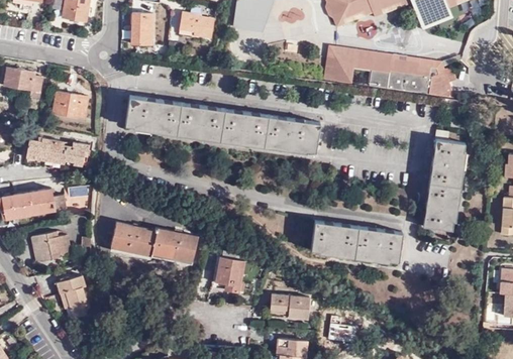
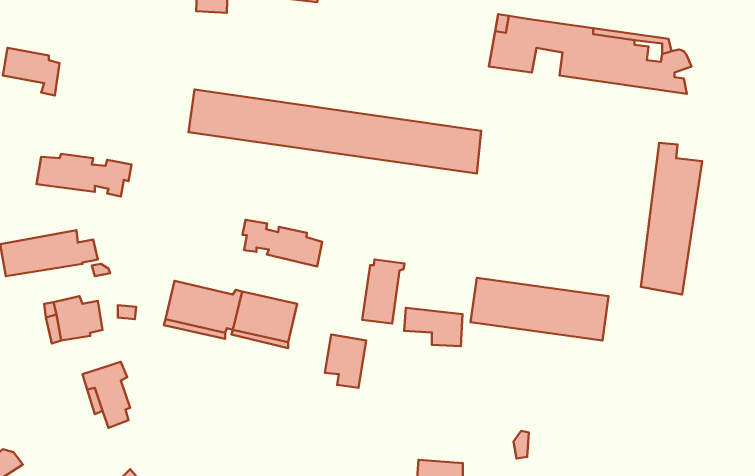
building: [53,92,88,119] -> none
building: none -> [243,220,322,266]
building: none -> [362,260,404,324]
building: [271,294,309,320] -> [404,308,462,346]

